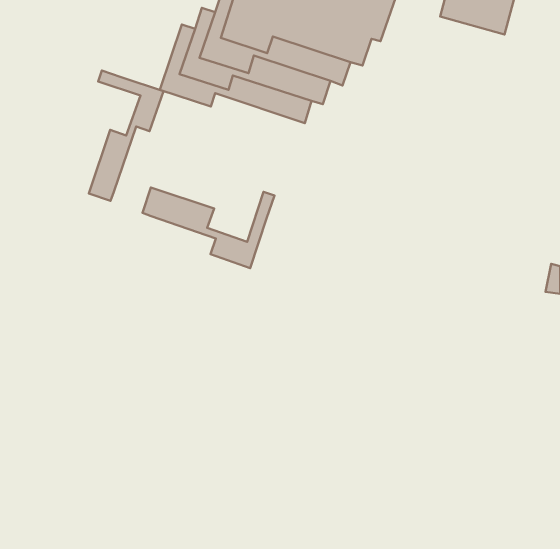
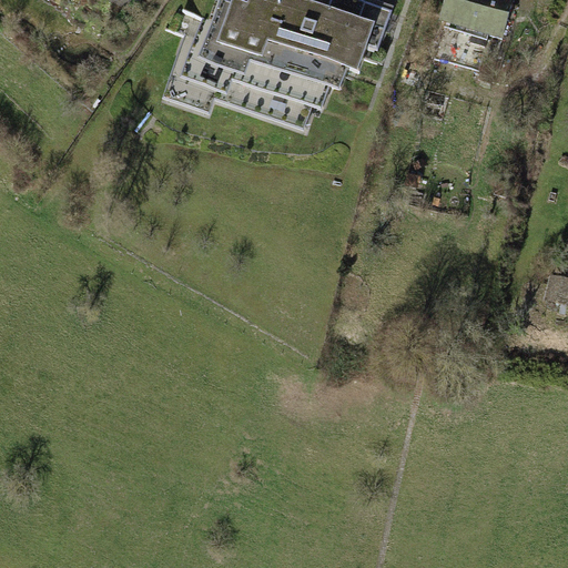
building: [89,71,163,201] -> none
building: [142,187,275,268] -> none

